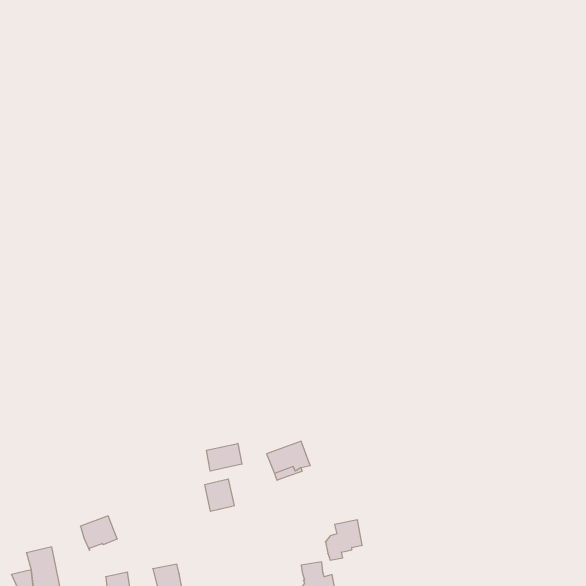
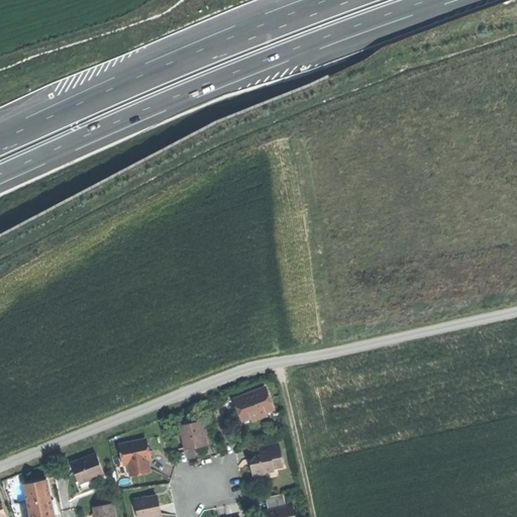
building: [206,443,242,471] -> none
building: none -> [120,440,148,475]
building: [325,520,362,560] -> [249,444,282,480]

